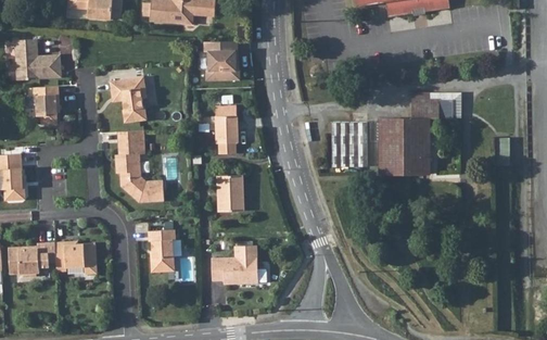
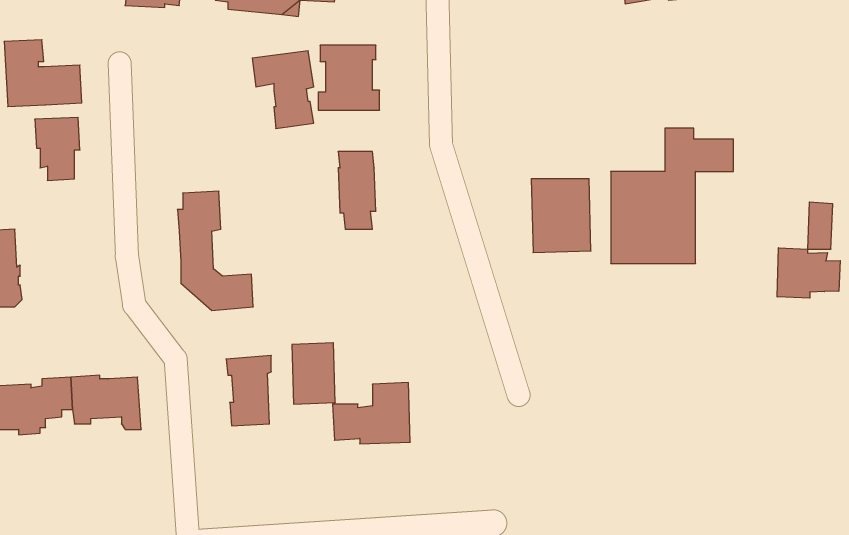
building: [110,76,147,123] -> [252,51,314,128]
building: none -> [777,248,840,298]
building: [217,175,243,212] -> [292,343,335,404]

